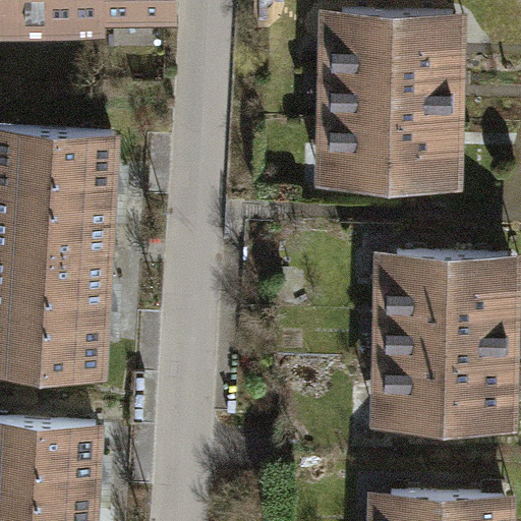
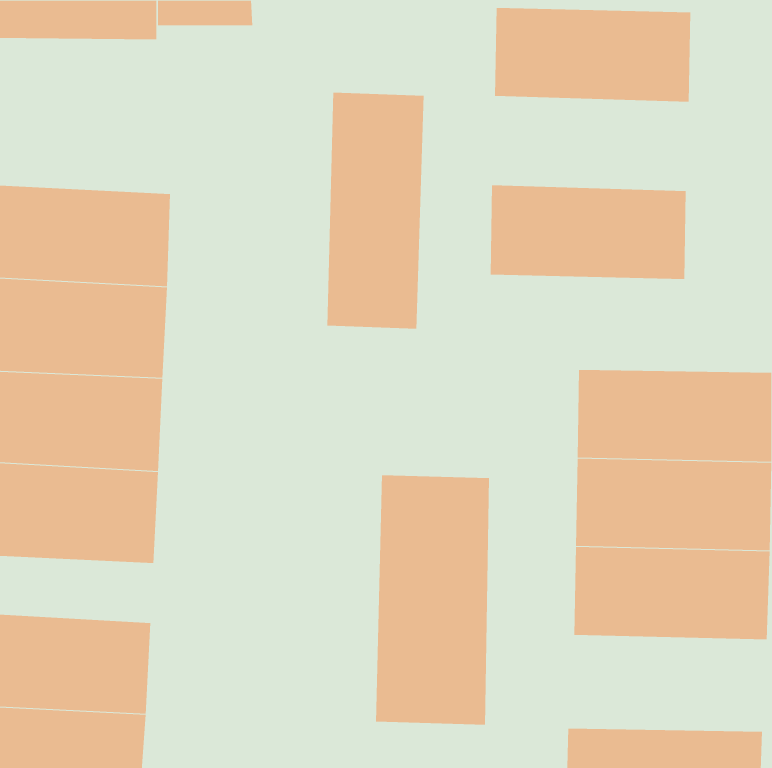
building: none -> [327,92,424,330]
building: [328,72,460,135] -> none
building: none -> [376,474,489,726]

